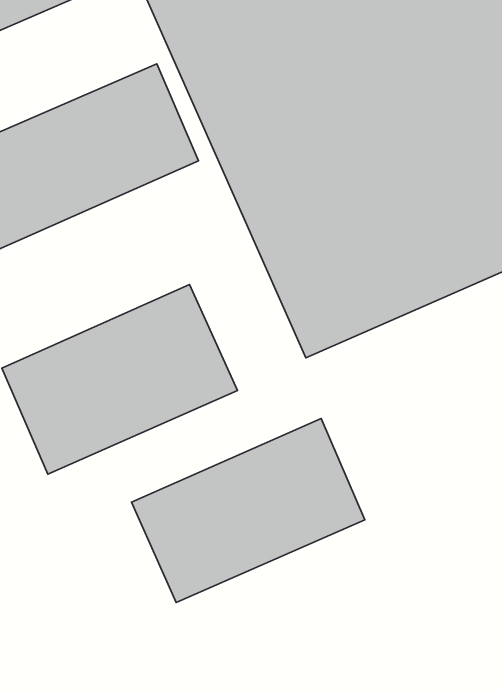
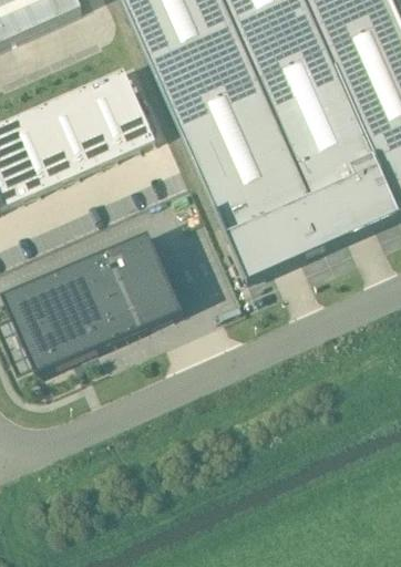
building: [131,418,365,602] -> none

